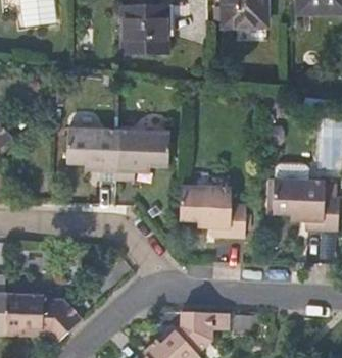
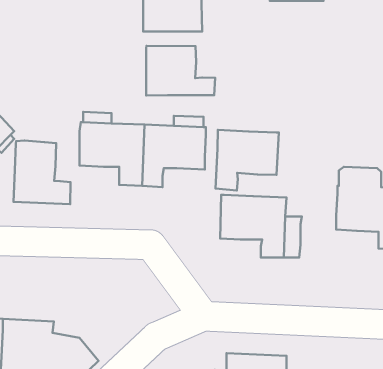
building: none -> [146,46,215,95]
building: none -> [215,130,279,190]
building: none -> [13,141,71,204]

